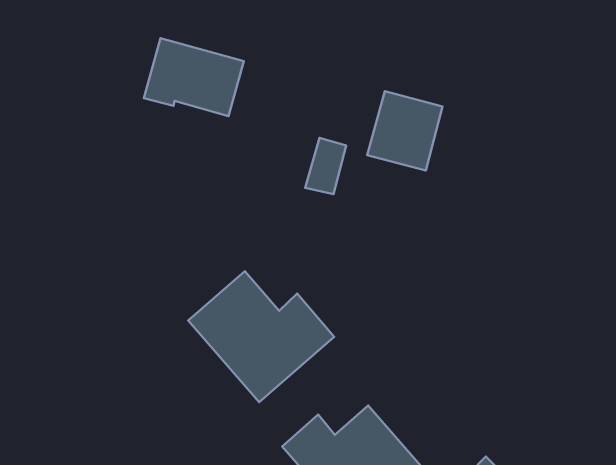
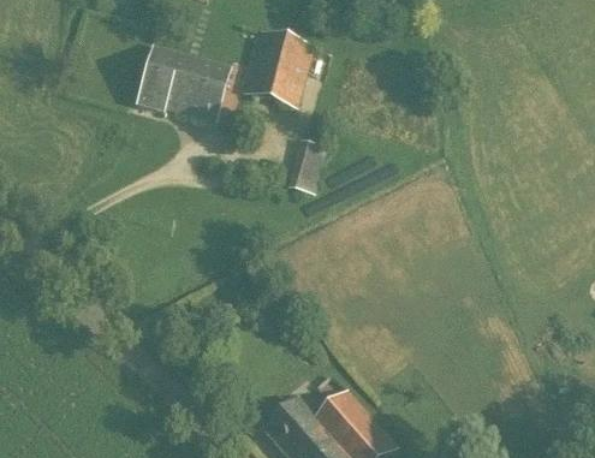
building: [367,91,443,170] -> [243,29,314,103]
building: [188,271,334,402] -> none

